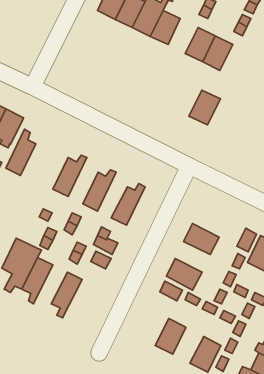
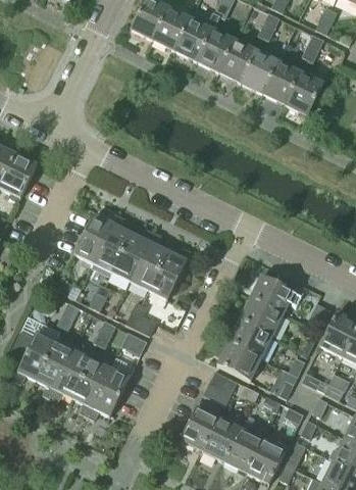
building: none -> [218,40,256,84]
building: [189,90,221,125] -> [284,72,323,116]
building: [6,129,36,175] -> [93,214,131,273]
building: none -> [130,233,167,290]
building: none -> [249,275,294,314]
building: none -> [227,320,271,358]
building: none -> [49,349,92,401]
building: none -> [86,368,130,420]
building: none -> [180,401,219,450]
building: none -> [224,419,263,473]

